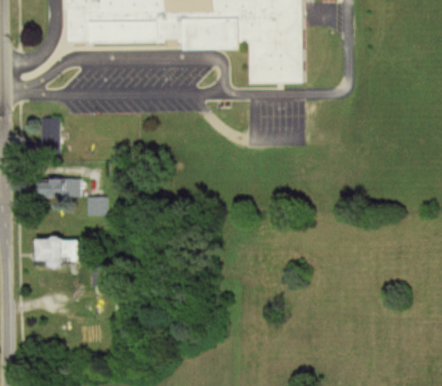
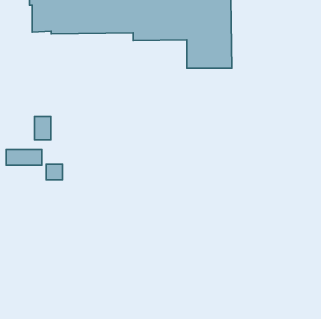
building: [38,118,57,145] -> [34,116,51,140]
building: [44,240,84,264] -> none

